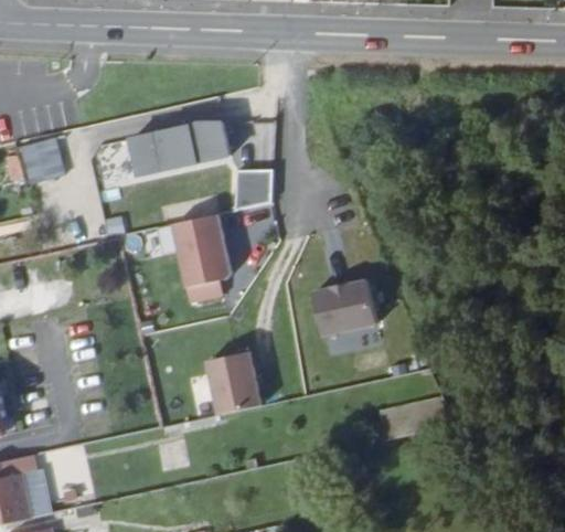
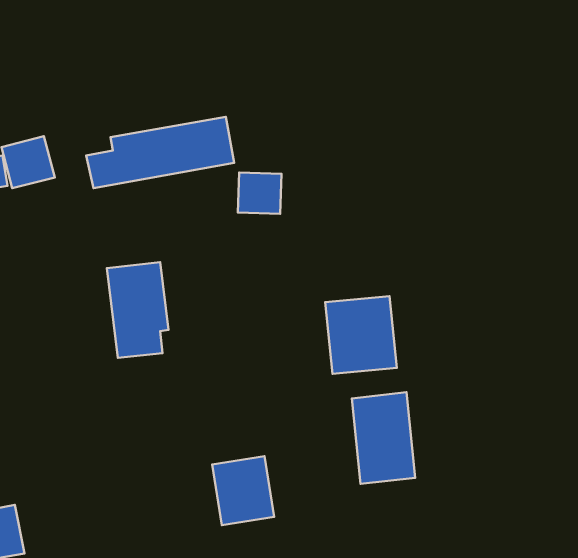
building: [172,215,228,302] -> [107,262,169,358]
building: [203,351,259,414] -> [212,456,274,525]
building: none -> [352,392,415,484]

